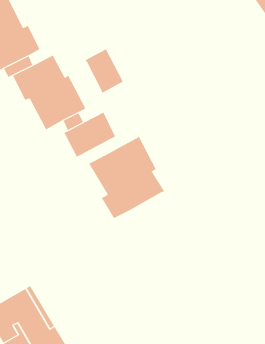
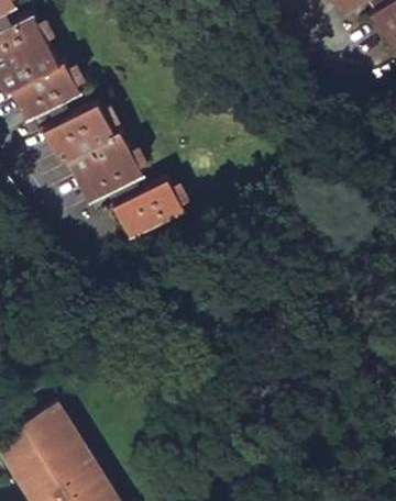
building: [85,48,123,93] -> none
building: [89,136,165,219] -> none

